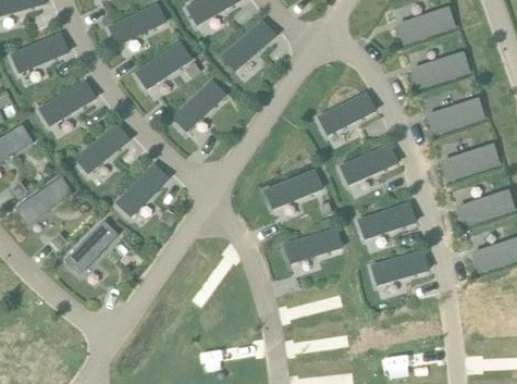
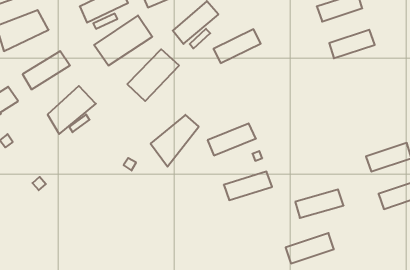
building: [318,91,376,133] -> [213,29,261,63]
building: [428,100,483,135] -> none
building: [341,143,398,183] -> none
building: [442,145,498,181] -> none
building: [108,165,167,228] -> [151,115,199,167]
building: [16,175,74,224] -> none
building: [358,200,417,237] -> [286,233,334,263]
building: [65,220,119,274] -> none

